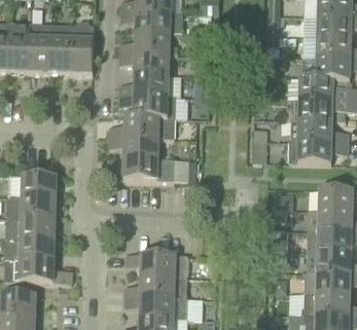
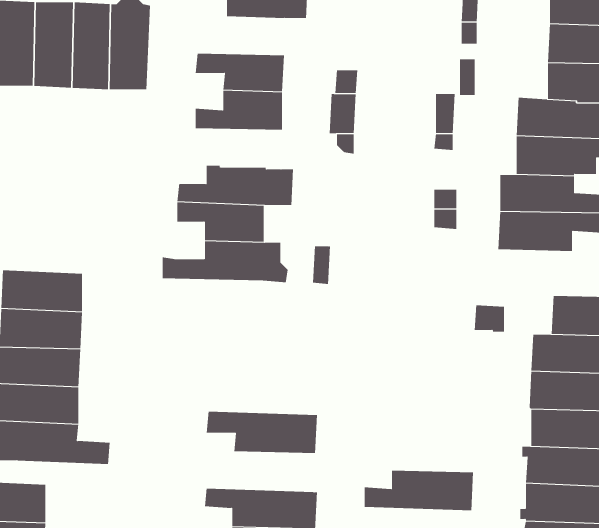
building: [119,32,176,54] -> none
building: [117,95,174,117] -> none
building: [124,276,186,298] -> [364,470,474,511]

